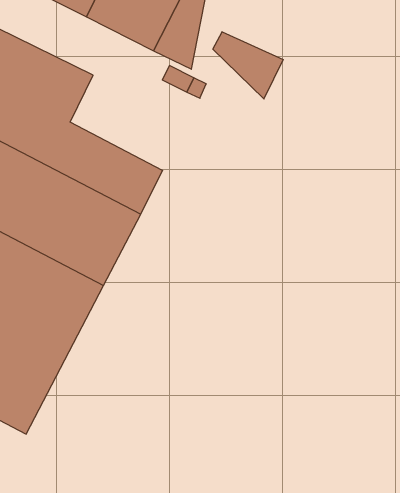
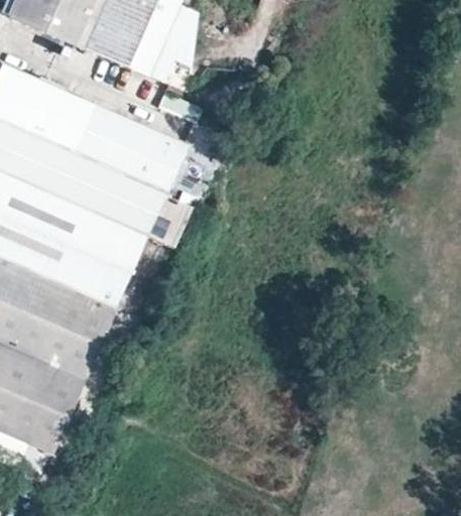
building: [213,32,283,99] -> none
building: none -> [76,100,190,190]

